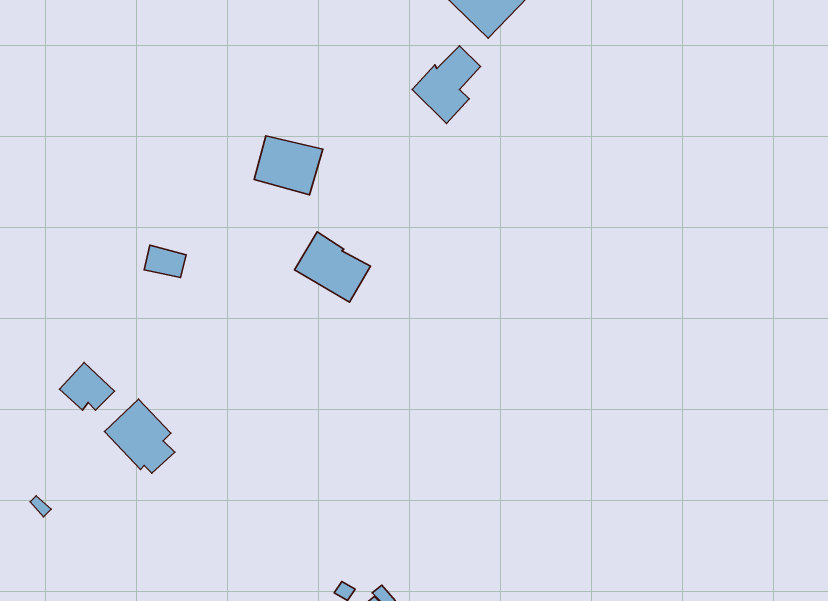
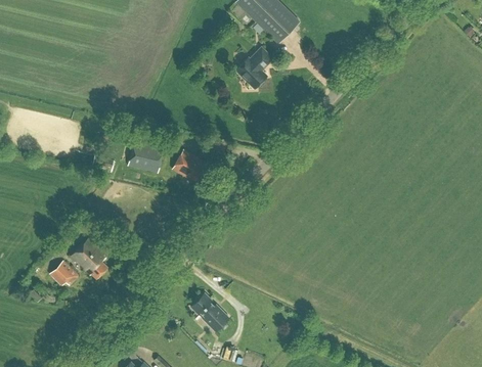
building: [254,136,323,195] -> [128,141,165,173]
building: [60,363,115,410] -> [50,260,80,285]
building: none -> [191,292,229,329]

